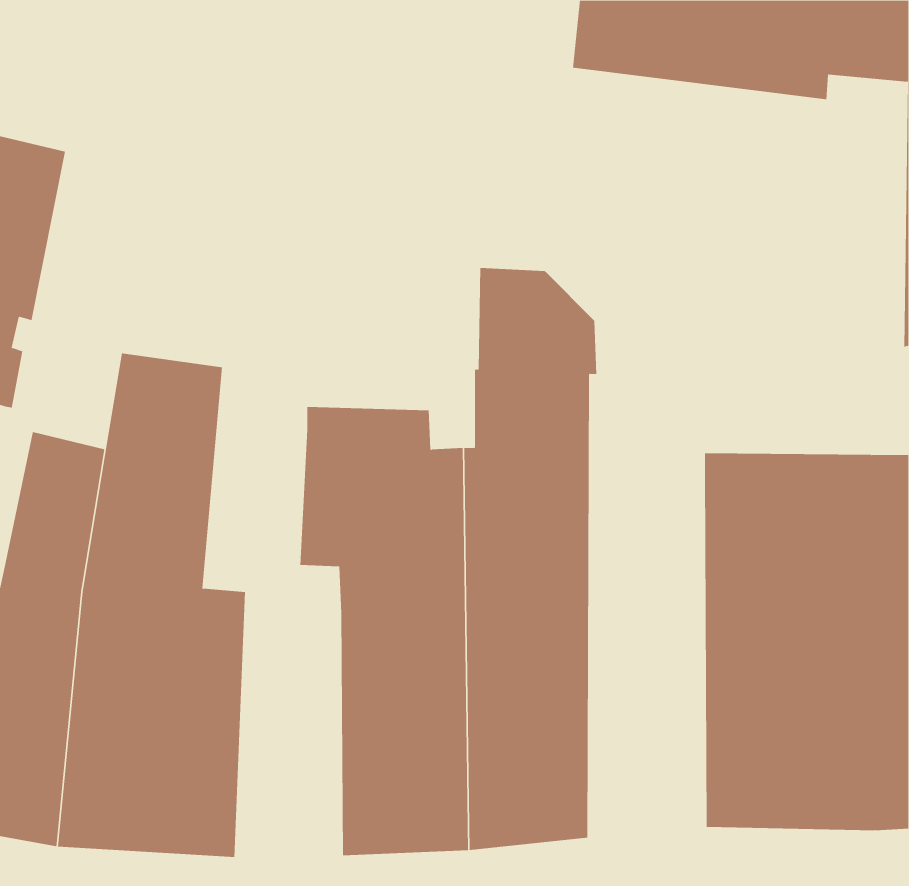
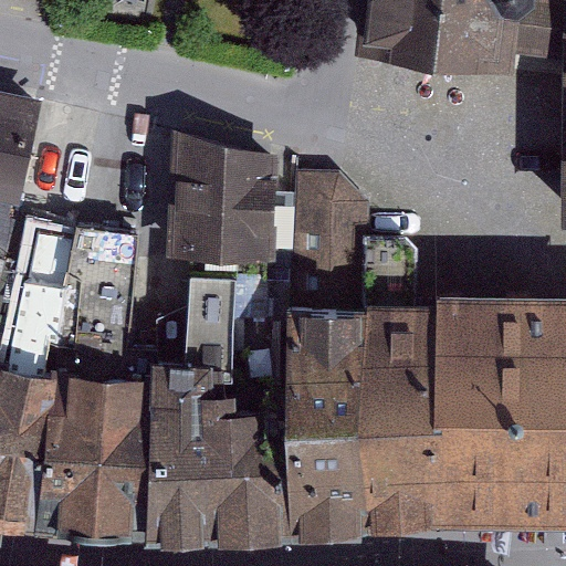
building: none -> [165,137,292,271]
building: none -> [365,248,438,535]
building: none -> [146,364,212,547]

